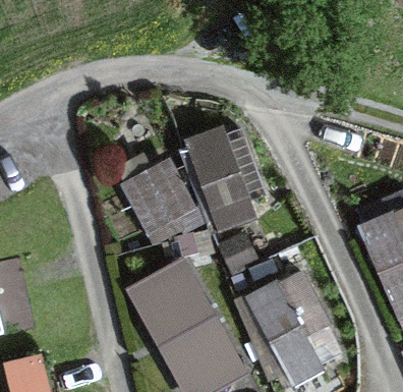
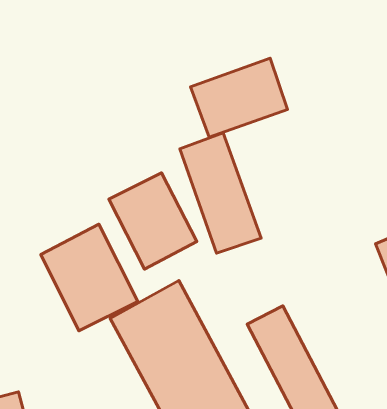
building: none -> [191,58,288,137]
building: none -> [41,224,138,331]

